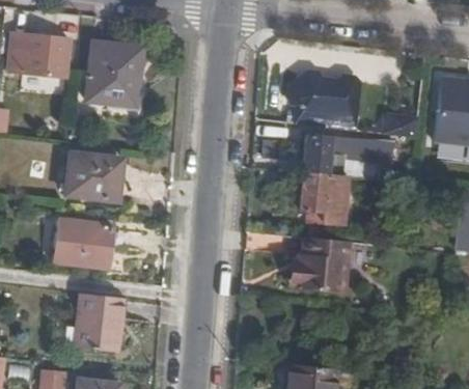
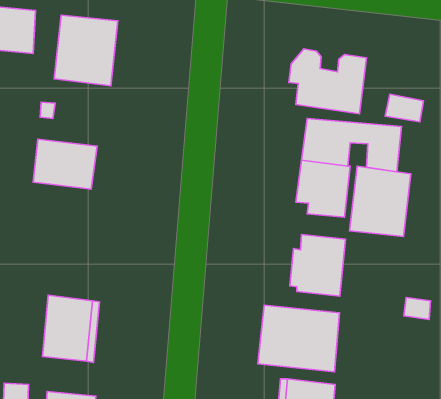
building: none -> [350,166,411,236]
building: [50,219,109,265] -> none
building: none -> [258,305,340,372]

